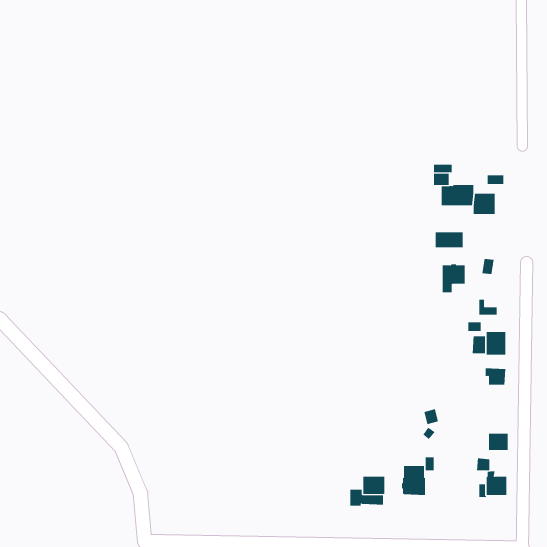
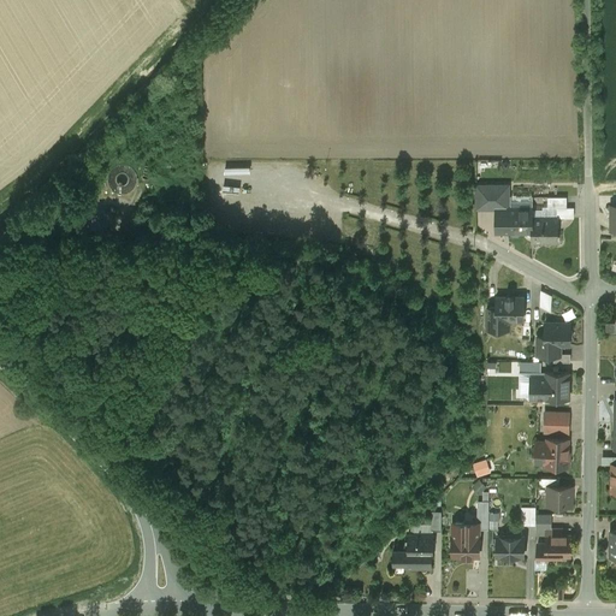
building: [435,232,463,248] -> none
building: none -> [544,324,569,345]
building: none -> [535,440,568,467]
building: none -> [496,537,522,557]

